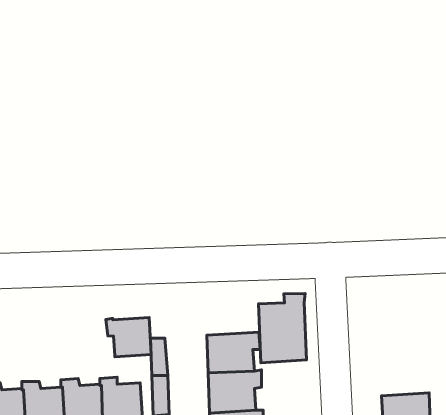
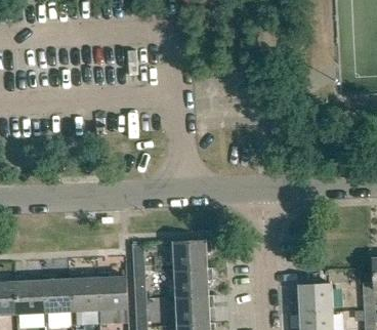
building: [258,293,306,363] -> none
building: [106,318,151,357] -> none

